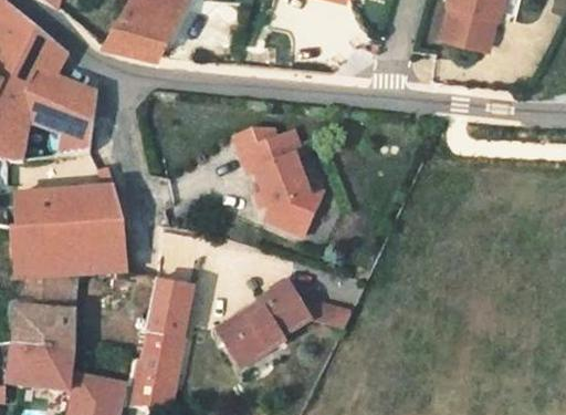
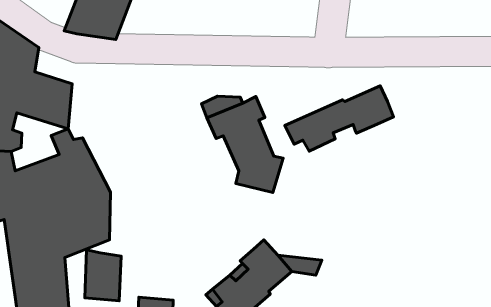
building: none -> [285,86,394,151]
building: [149,287,192,344] -> [85,250,121,301]

